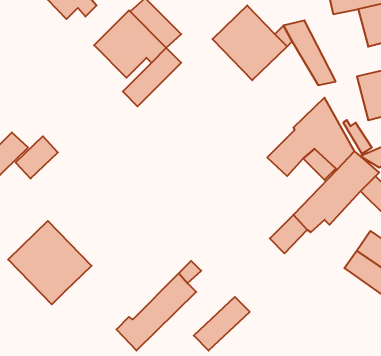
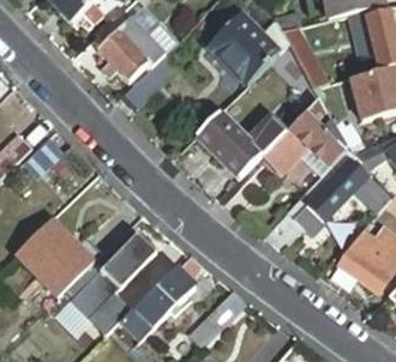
building: none -> [197,113,286,179]
building: none -> [70,225,157,334]

